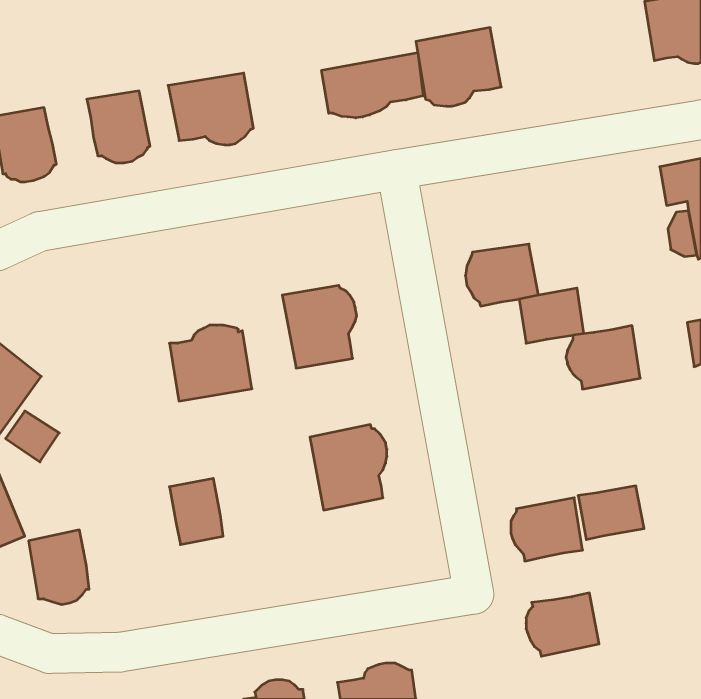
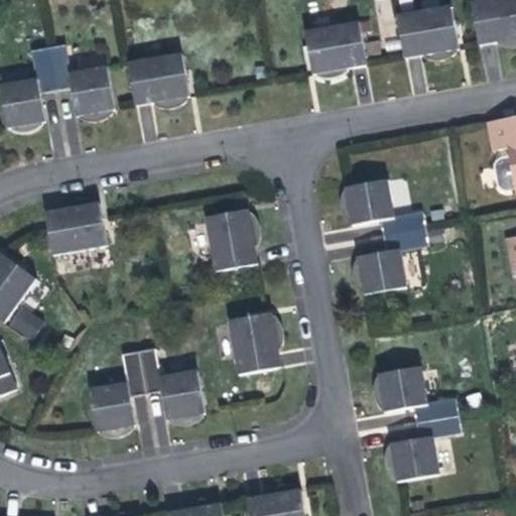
building: none -> [397,4,459,60]
building: [322,52,423,118] -> none
building: none -> [27,44,67,93]
building: [169,325,252,401] -> [47,197,108,252]
building: [566,326,640,389] -> [352,248,406,294]
building: [578,486,644,540] -> [412,397,461,436]
building: none -> [161,370,206,425]
building: [29,530,89,604] -> [92,383,136,437]

